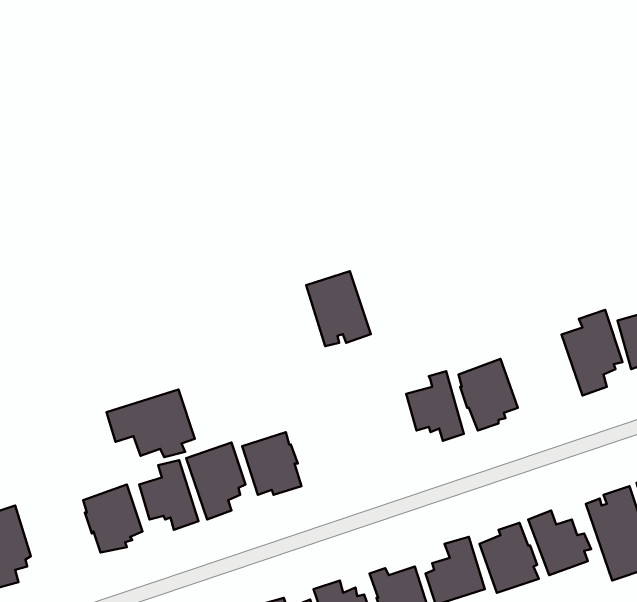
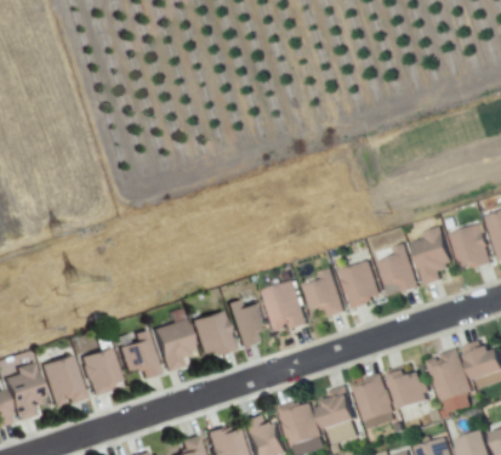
building: [306,271,371,346] -> [264,280,309,332]
building: none -> [381,244,422,292]
building: [106,390,195,457] -> none
building: none -> [227,298,268,346]
building: none -> [40,354,86,406]

